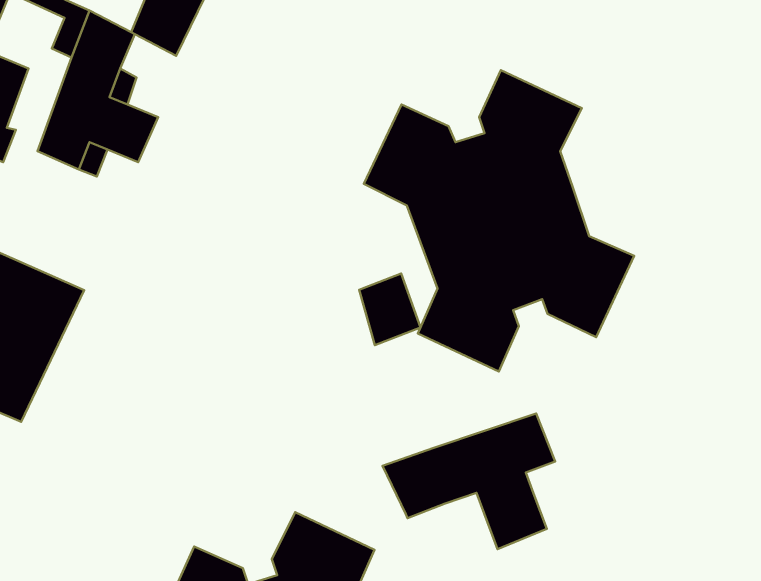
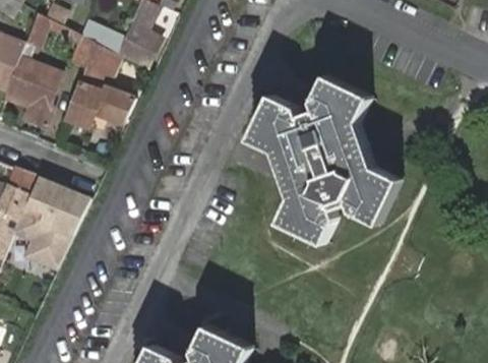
building: [359,274,420,345] -> none
building: [383,414,555,549] -> none

